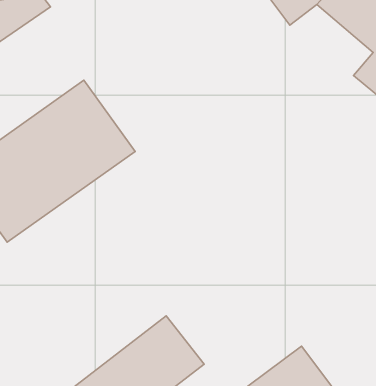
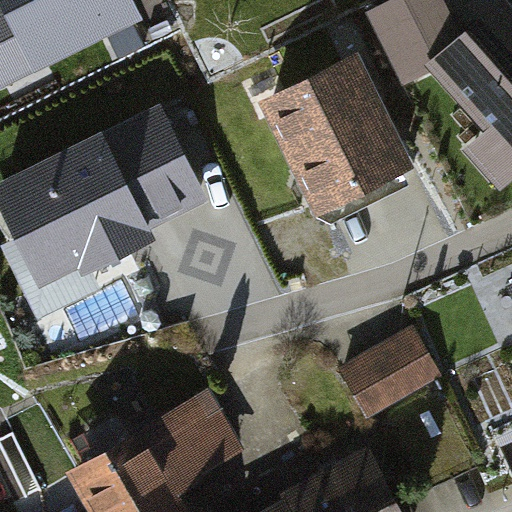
building: none -> [265,59,410,211]
building: none -> [342,336,435,417]

